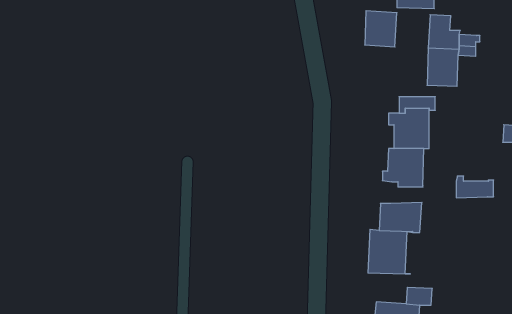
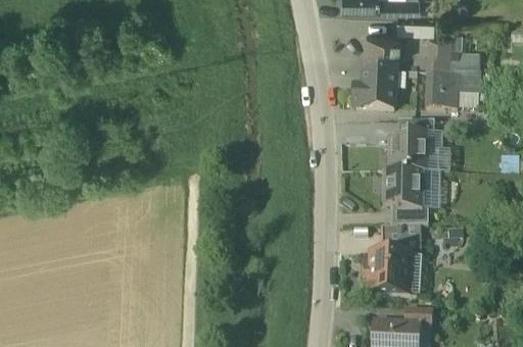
building: none -> [355,73,398,112]
building: [456,176,494,198] -> [393,208,430,230]

